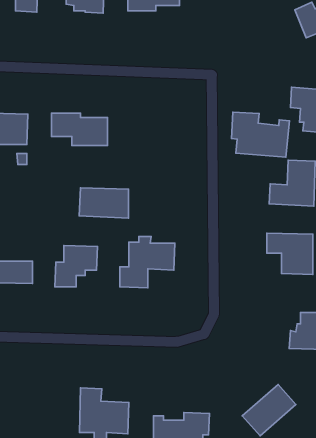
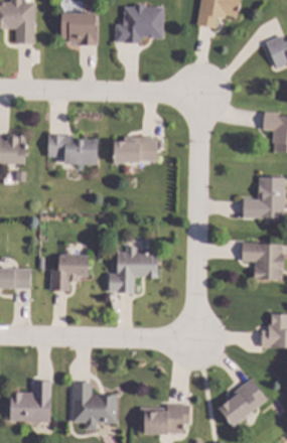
building: [231,112,289,157] -> none
building: [79,188,129,218] -> [113,136,157,163]
building: none -> [10,382,50,421]

